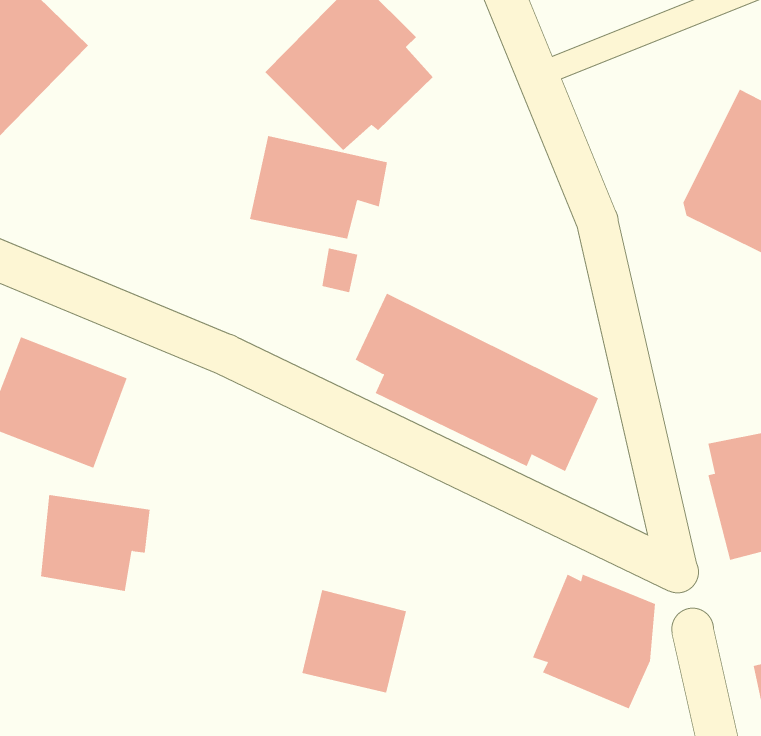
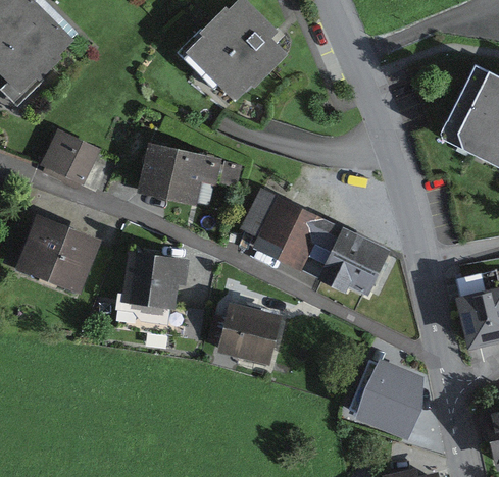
building: [249,135,388,239] -> [137,143,221,206]
building: none -> [40,128,101,184]
building: [40,495,151,592] -> [122,251,190,310]
building: [302,589,407,693] -> [217,302,282,365]

